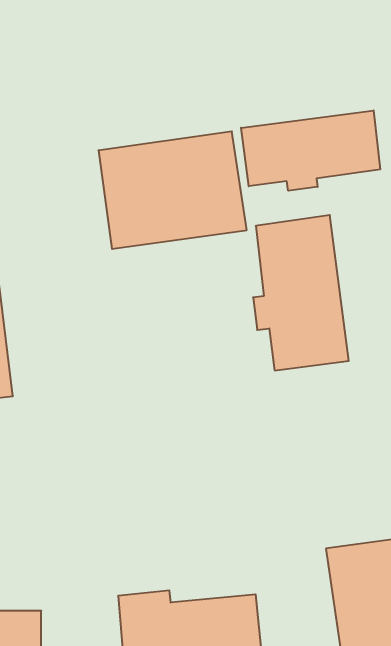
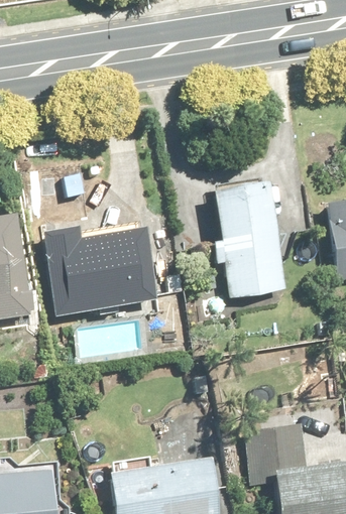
building: [241,110,380,191] -> none
building: [98,131,247,249] -> [45,226,156,313]

